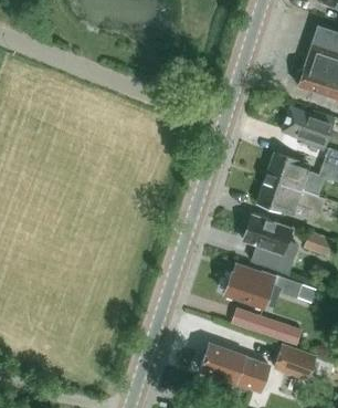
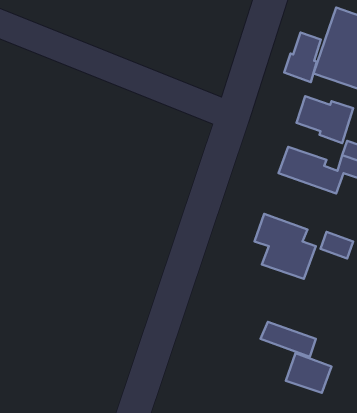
building: none -> [284,32,321,82]
building: [256,178,325,221] -> none
building: [224,265,302,307] -> none
building: [199,345,270,391] -> none

